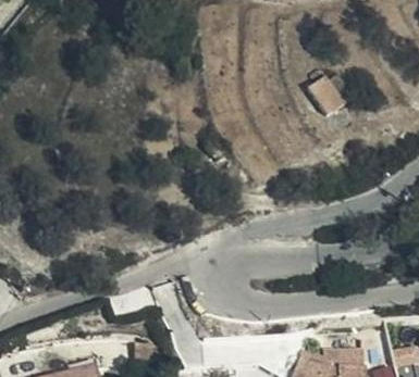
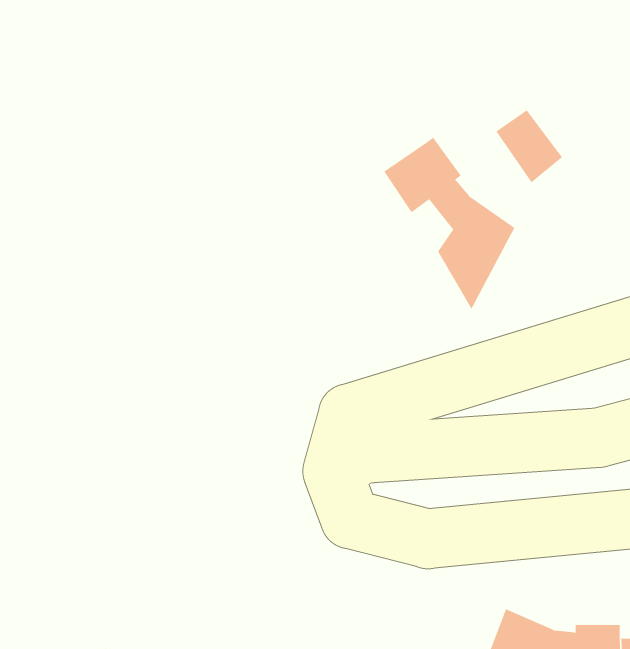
building: none -> [383,137,515,310]

